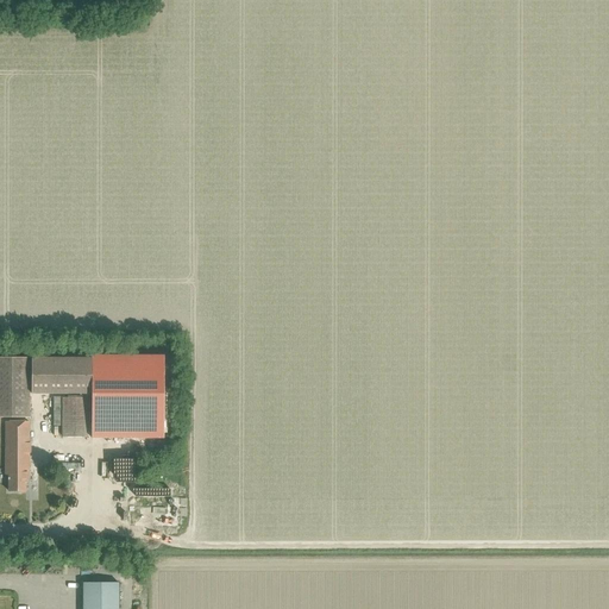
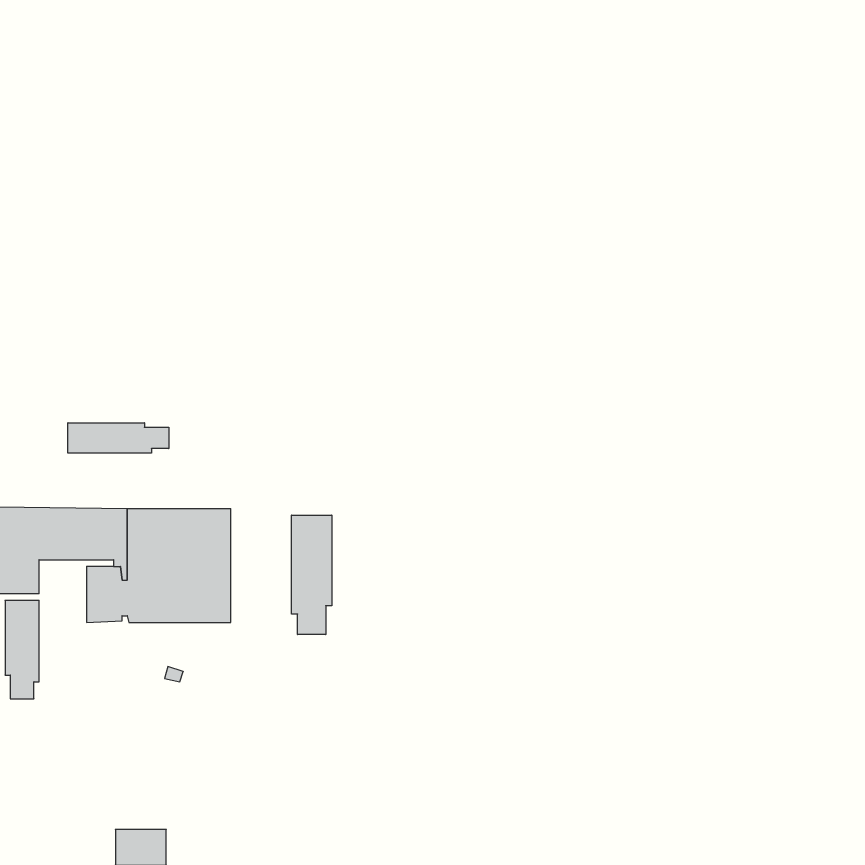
building: none -> [68,423,169,453]
building: none -> [292,515,332,635]

